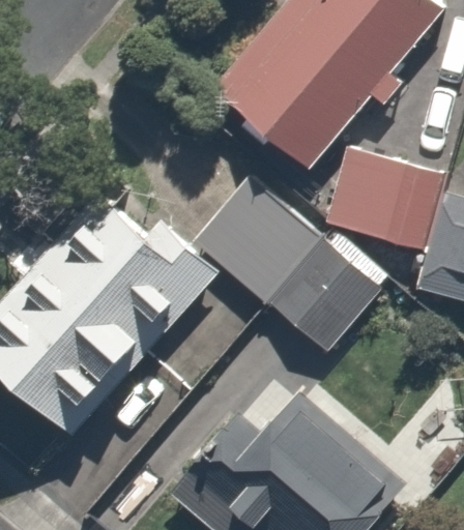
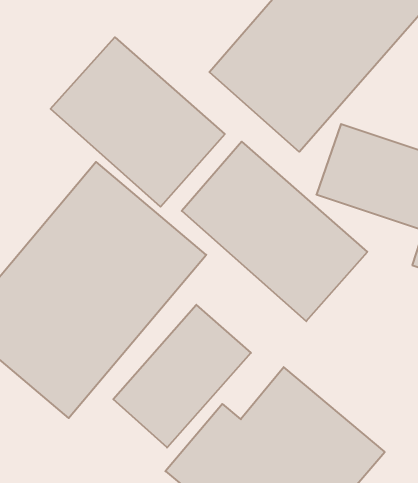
building: none -> [51,37,225,207]
building: none -> [113,305,251,448]

